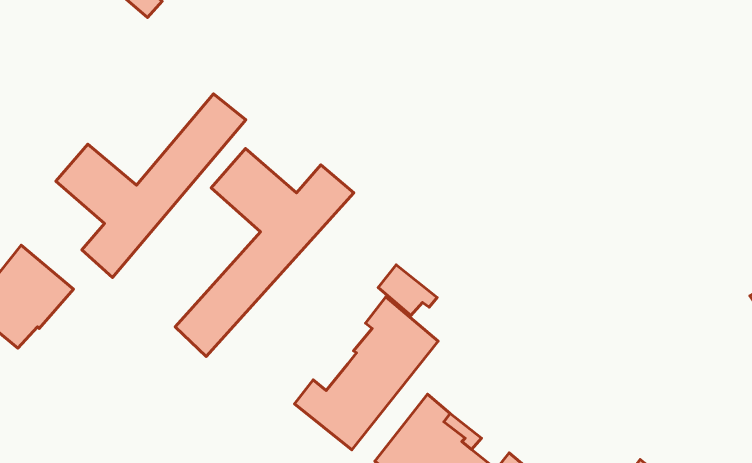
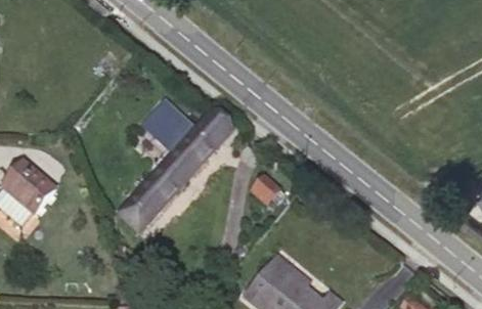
building: [56,94,246,277] -> none
building: [294,297,438,450] -> none

